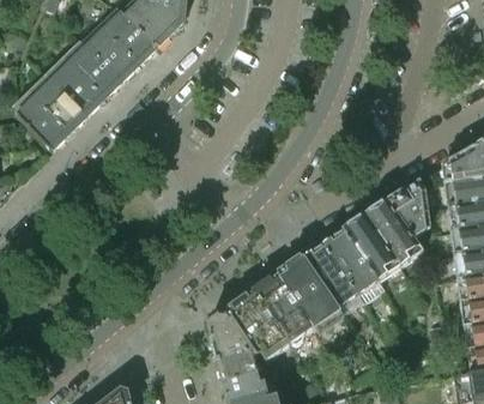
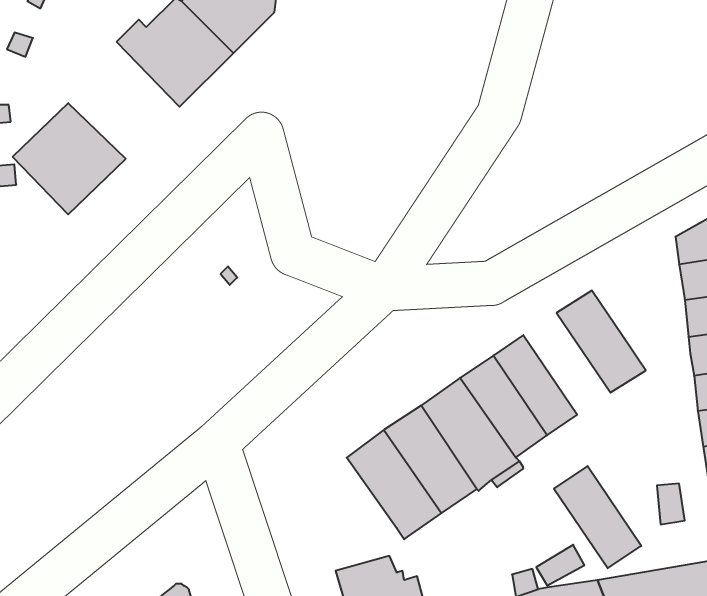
building: [50,38,122,114] -> none
building: [388,179,430,236] -> none
building: [344,213,400,279] -> [554,466,641,568]
building: [208,307,262,380] -> none

